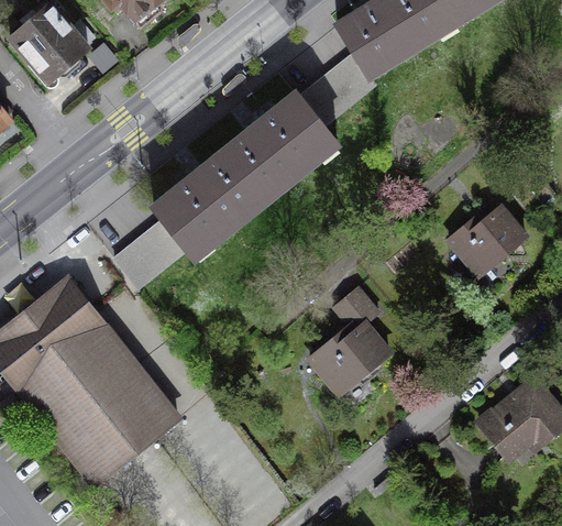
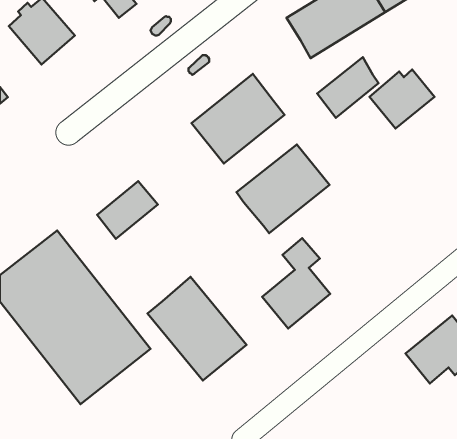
building: [301,54,374,125] -> [317,57,379,118]
building: [155,152,265,256] -> [236,145,330,233]
building: [450,206,527,275] -> [369,70,435,128]
building: none -> [148,277,246,380]

